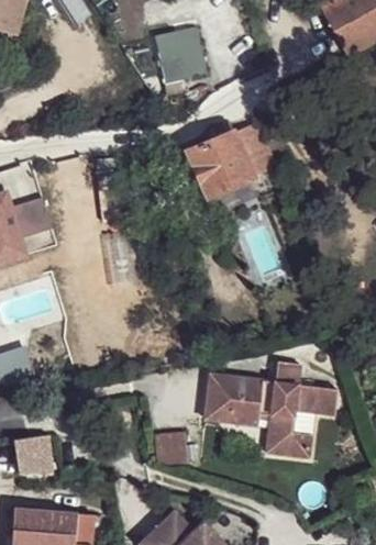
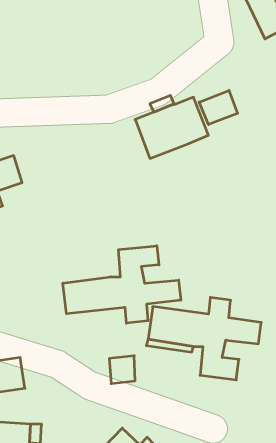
building: [170,35,210,81] -> none
building: none -> [199,90,238,125]
building: none -> [63,246,181,323]

